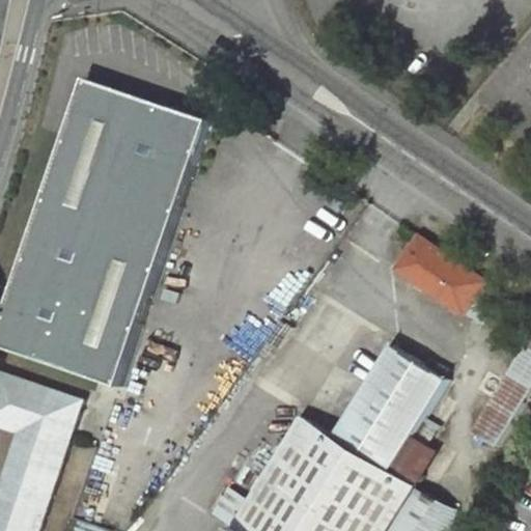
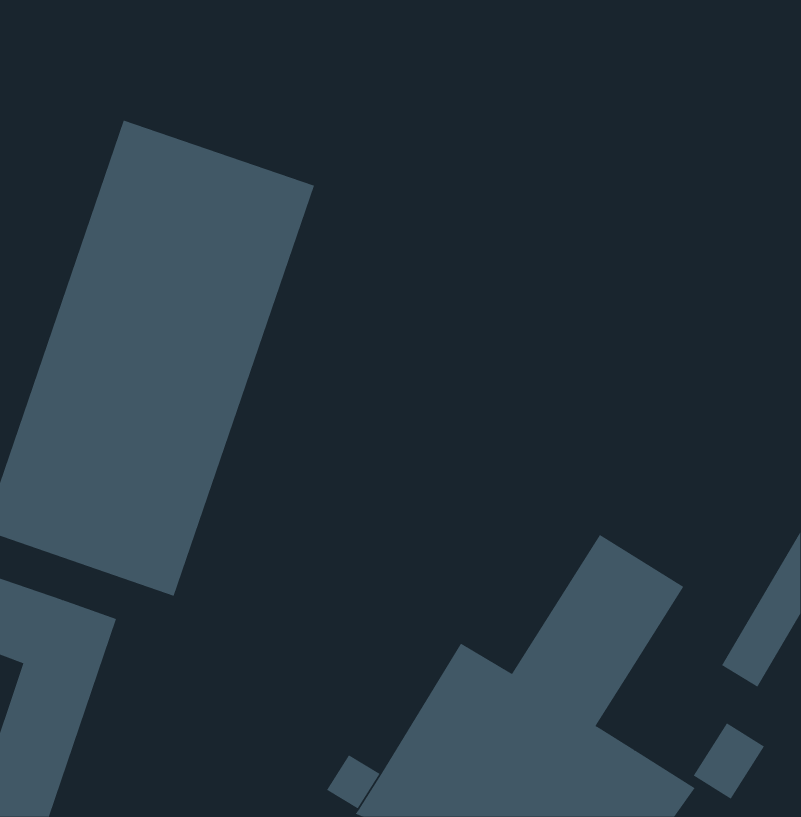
building: [392,237,488,325] -> none
building: [387,437,434,486] -> [693,723,765,799]

